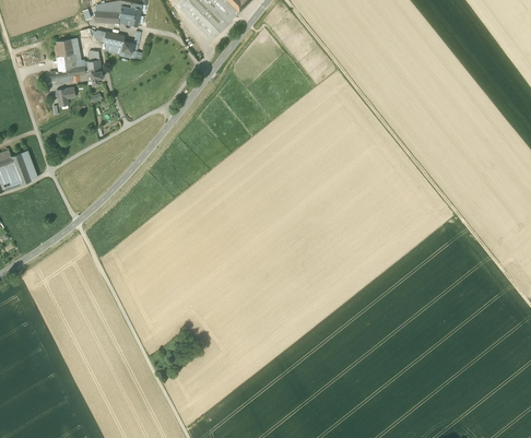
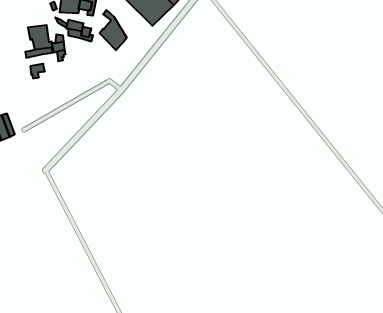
building: none -> [100,10,127,50]

